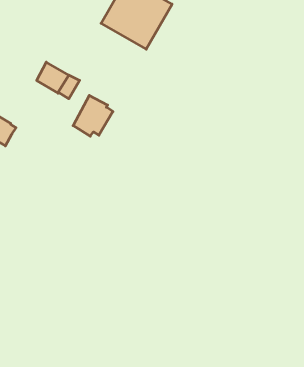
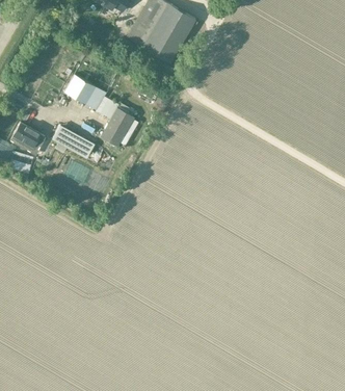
building: none -> [48,120,100,159]

